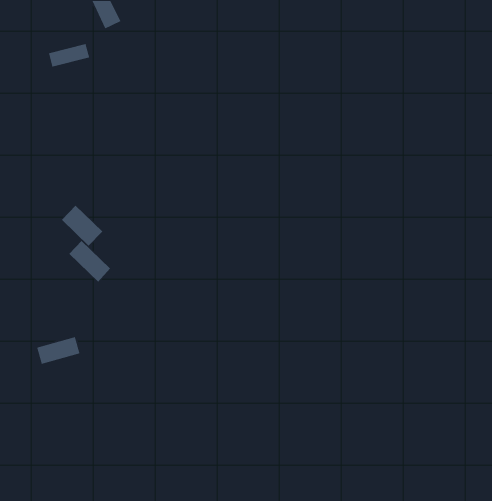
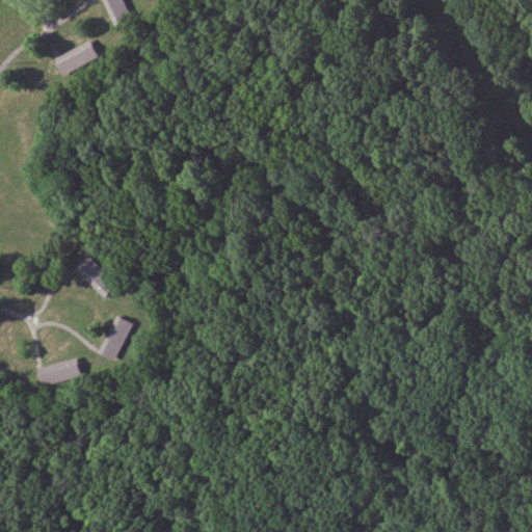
building: [61,205,103,246] -> none
building: none -> [100,313,137,360]

